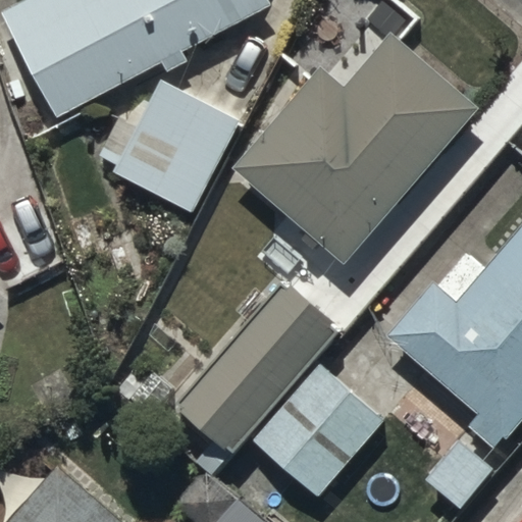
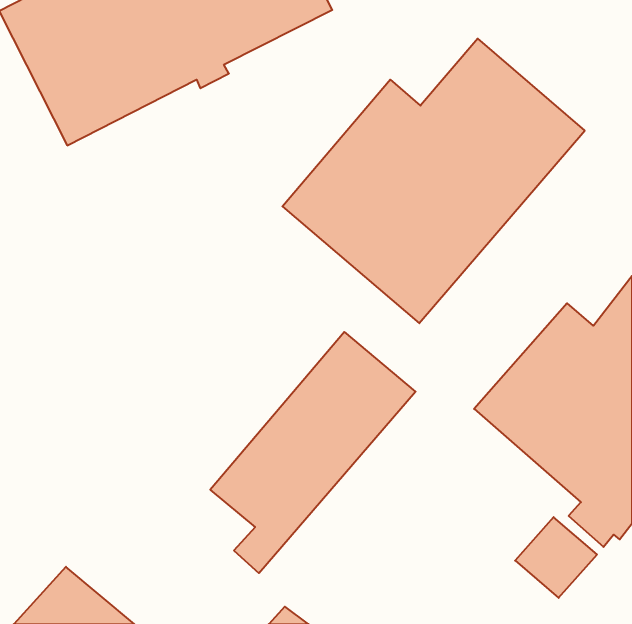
building: [115,83,241,216] -> none
building: [250,361,388,501] -> none

